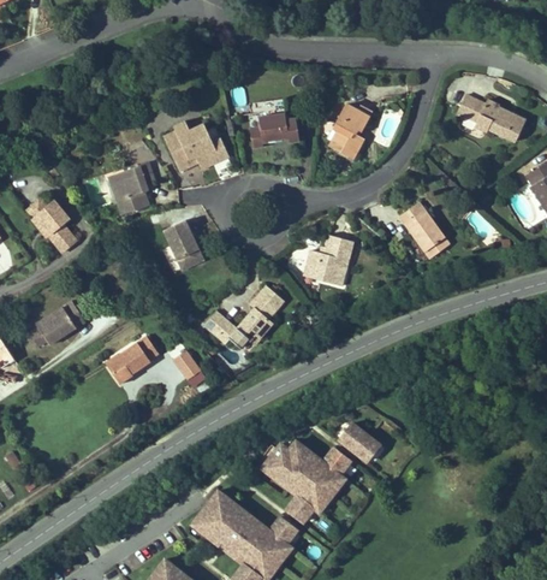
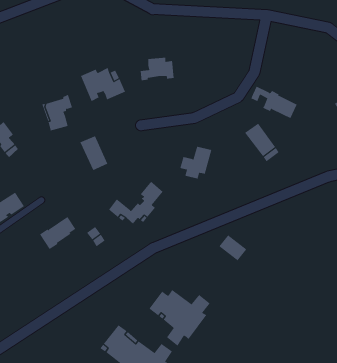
building: [458,94,525,141] -> [250,86,297,119]
building: [329,105,371,159] -> none
building: [339,422,380,461] -> [218,234,247,261]

